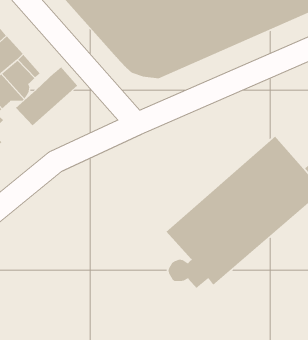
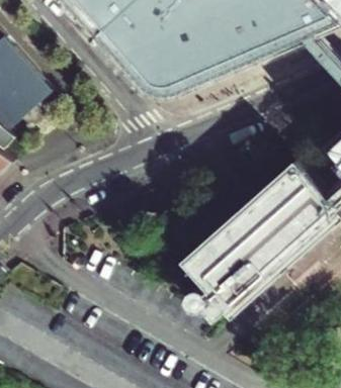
building: [15,66,78,126] -> none

